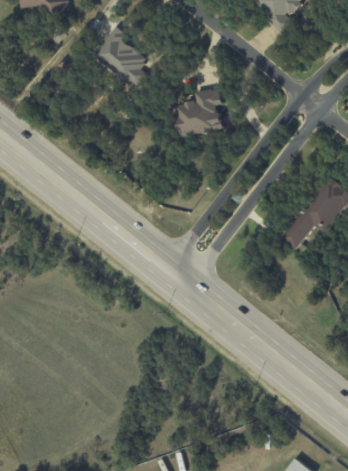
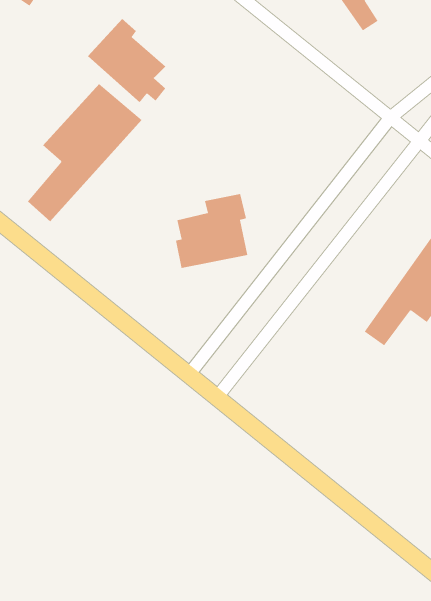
building: none -> [27,83,143,222]
building: [174,86,224,137] -> [175,194,248,268]

